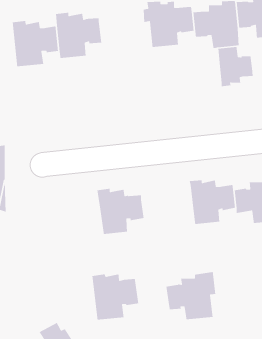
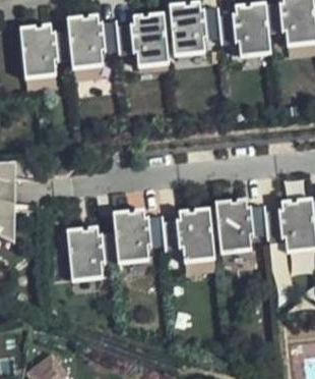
building: none -> [116,11,169,66]
building: [217,46,253,87] -> none
building: [166,271,216,320] -> [163,206,218,260]
building: [91,274,139,321] -> [67,227,120,279]

